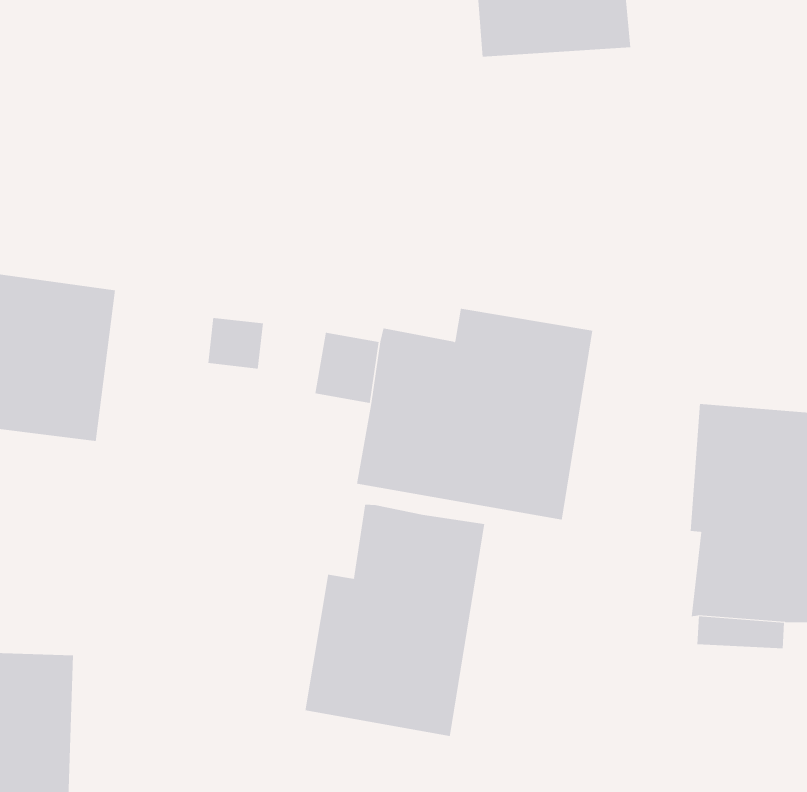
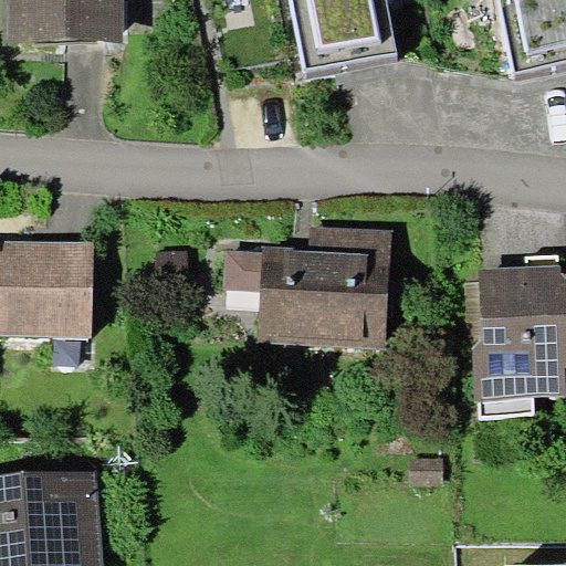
building: [305,504,485,737] -> none

